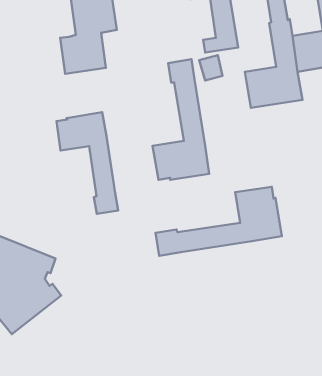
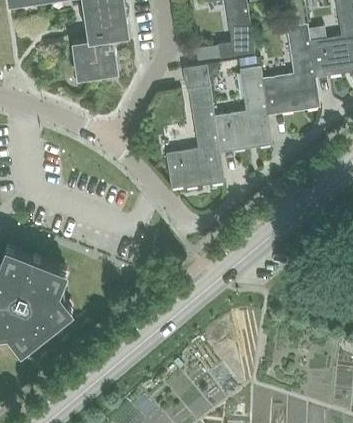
building: none -> [214,58,272,155]
building: [56,112,118,214] -> none
building: [156,187,282,256] -> none

